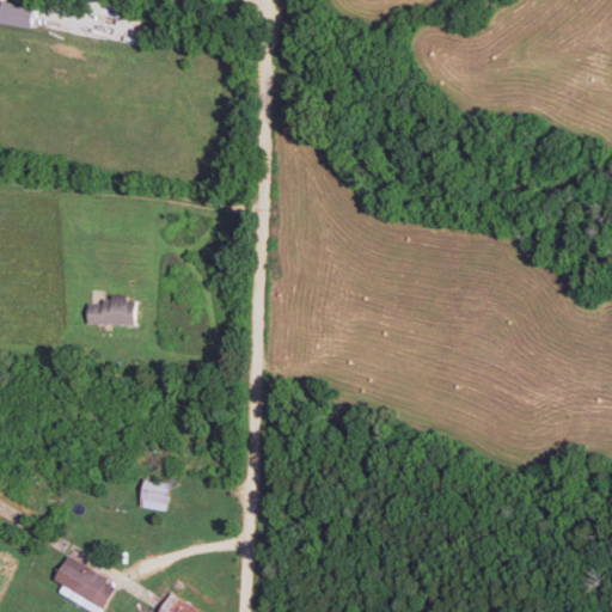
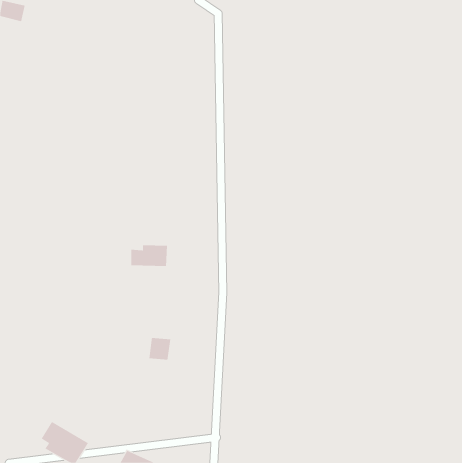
building: [86,296,135,325] -> [131,245,168,266]
building: [139,479,169,509] -> [148,338,171,360]

